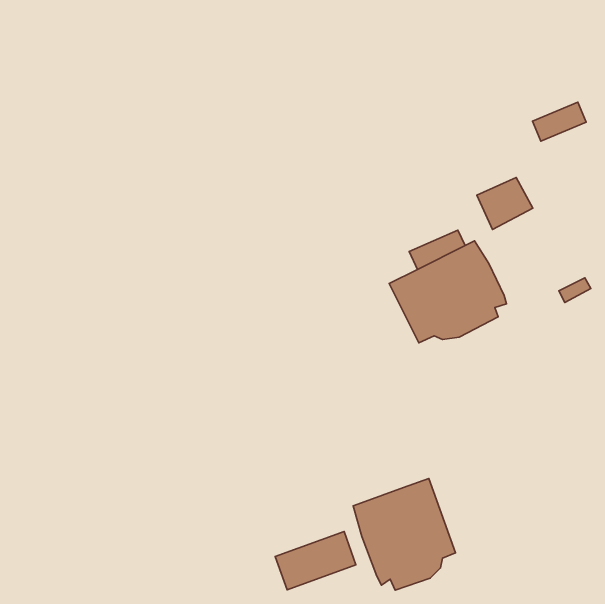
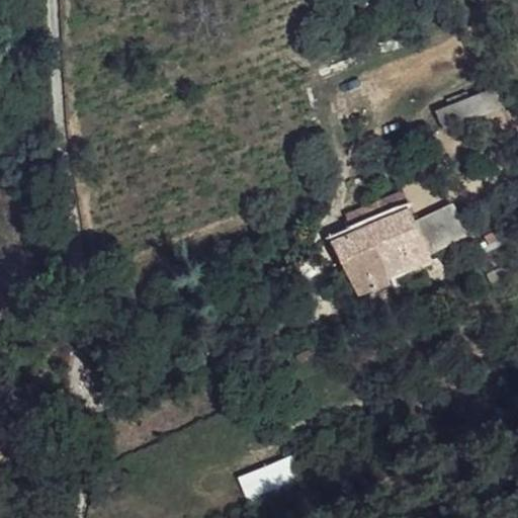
building: [477,177,533,230] -> [417,207,464,252]
building: [353,479,456,590] -> none

